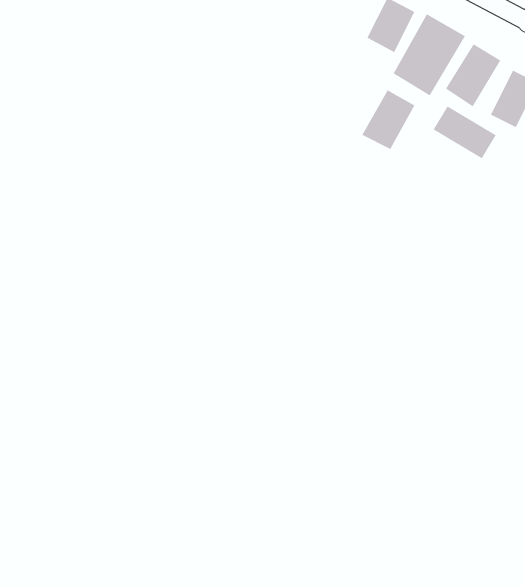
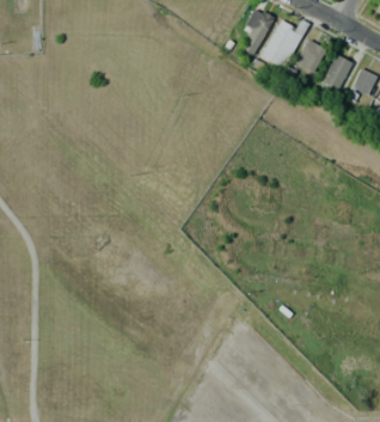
building: [362,89,415,150] -> none
building: [433,106,496,159] -> none

